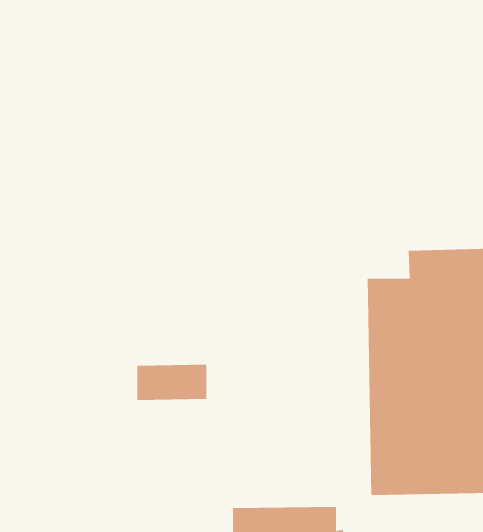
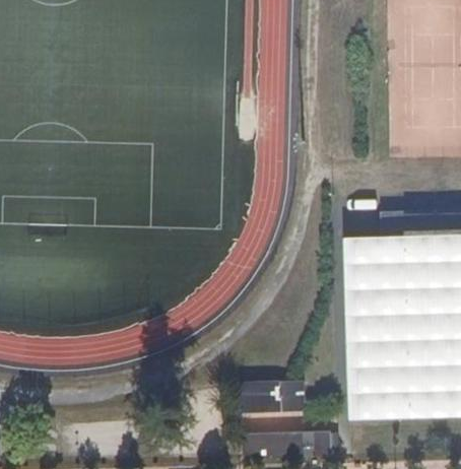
building: [136,364,207,400] -> [239,382,299,412]

